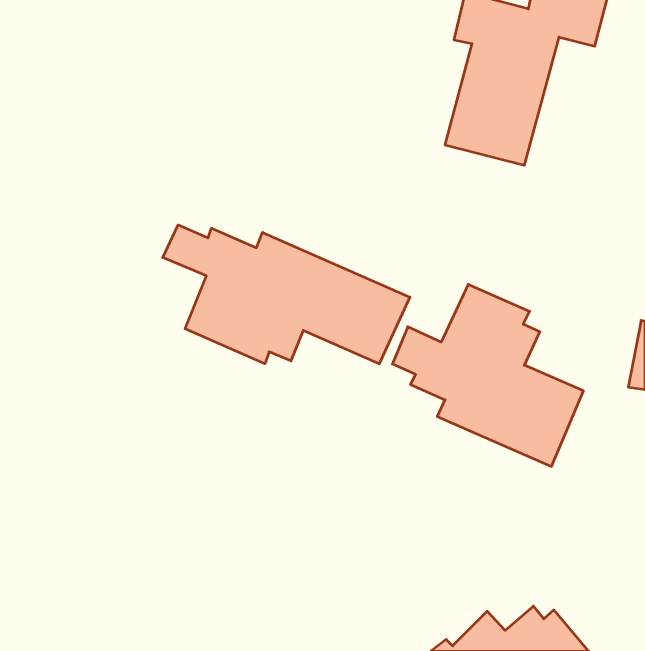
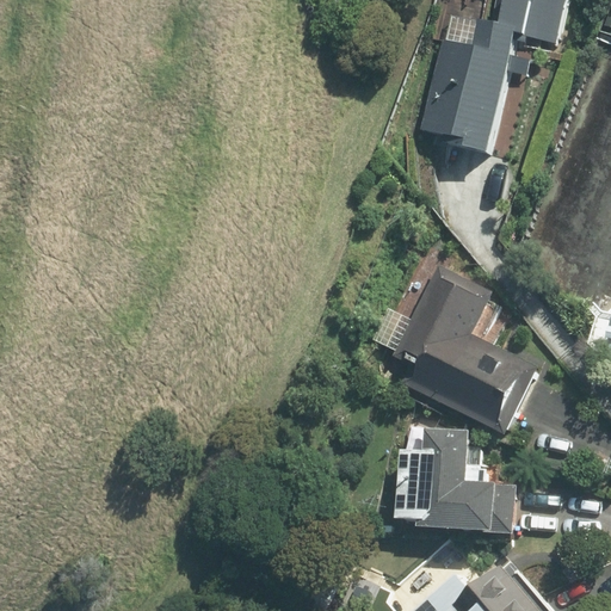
building: [163,225,410,364] -> none
building: none -> [397,426,520,535]

